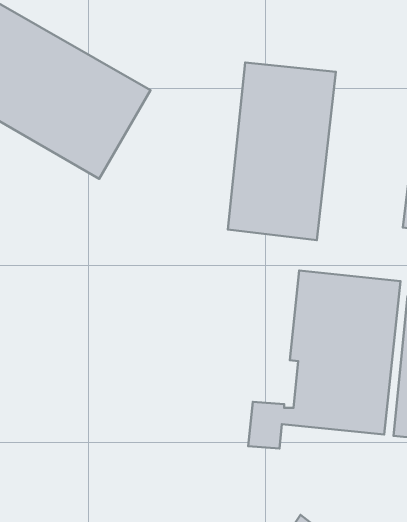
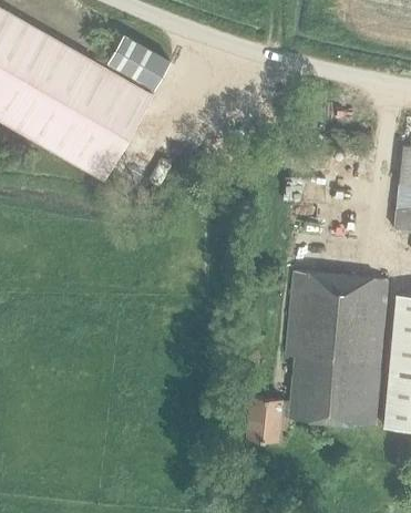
building: none -> [107,37,169,91]
building: [228,62,336,240] -> none

